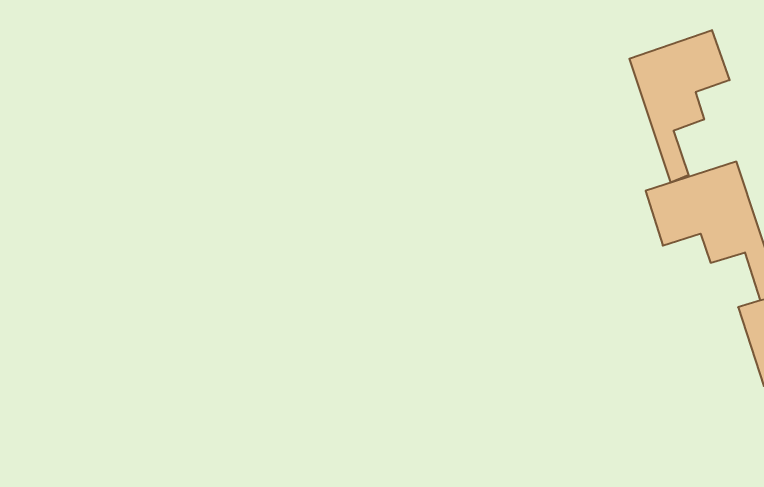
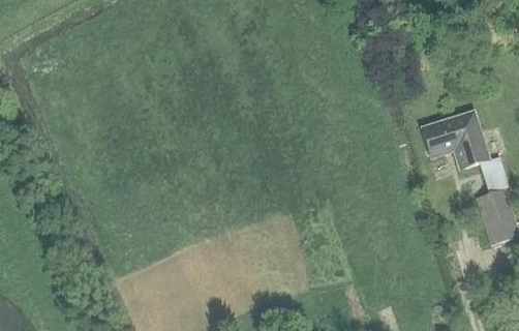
building: [629,30,730,183] -> none

